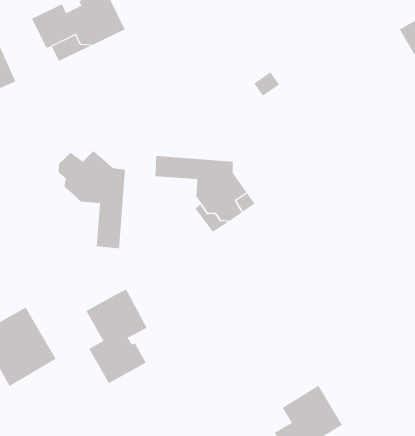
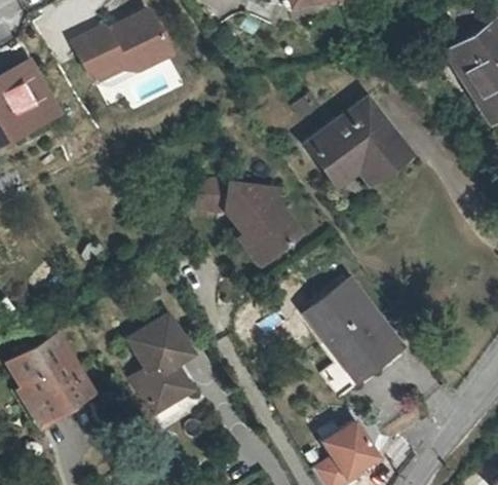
building: none -> [305,100,400,181]
building: [58,150,126,249] -> none
building: none -> [307,275,411,384]

